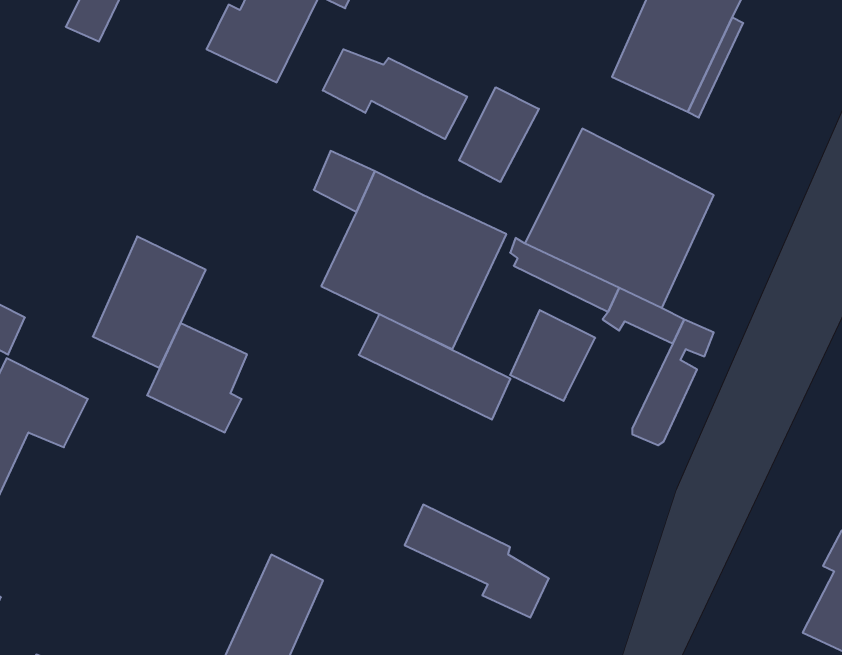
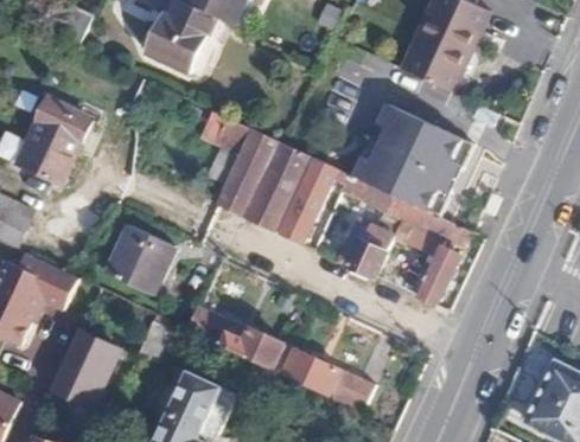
building: [323,49,467,139] -> none
building: [459,87,539,182] -> none
building: [93,236,206,368] -> [19,98,91,182]
building: [359,314,511,420] -> [186,301,283,369]
building: none -> [51,333,121,411]

